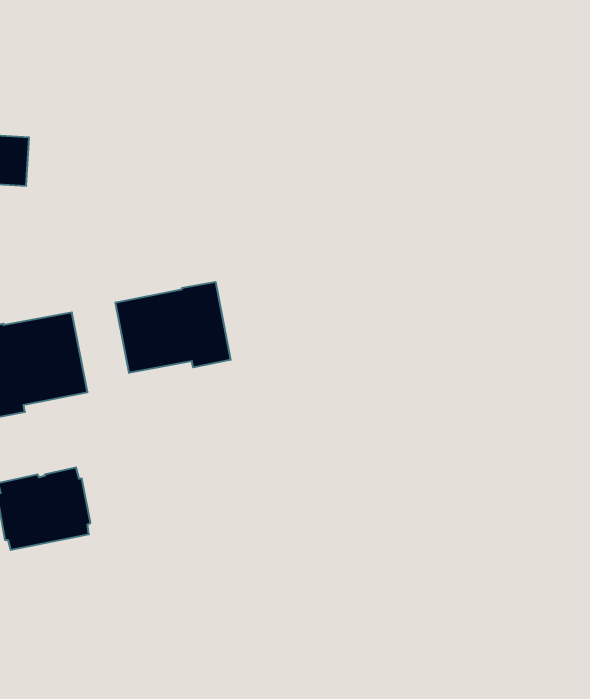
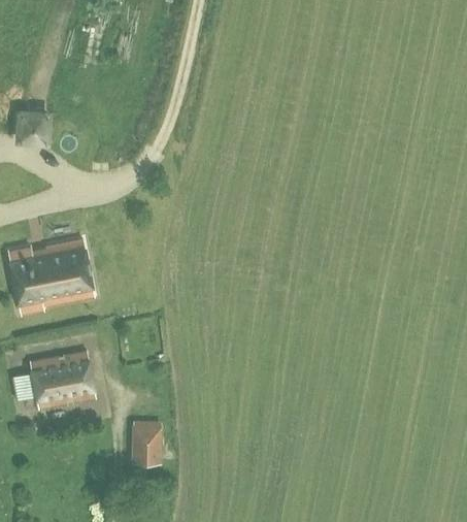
building: [116,282,231,373] -> none
building: none -> [132,422,160,461]

